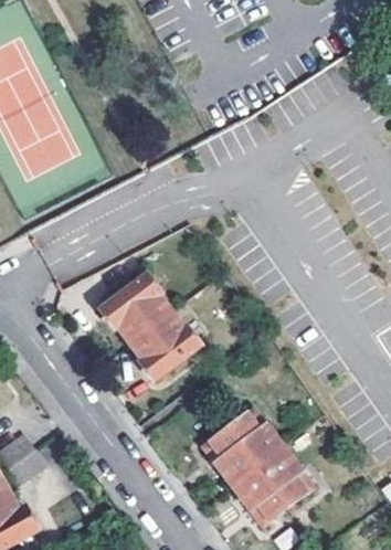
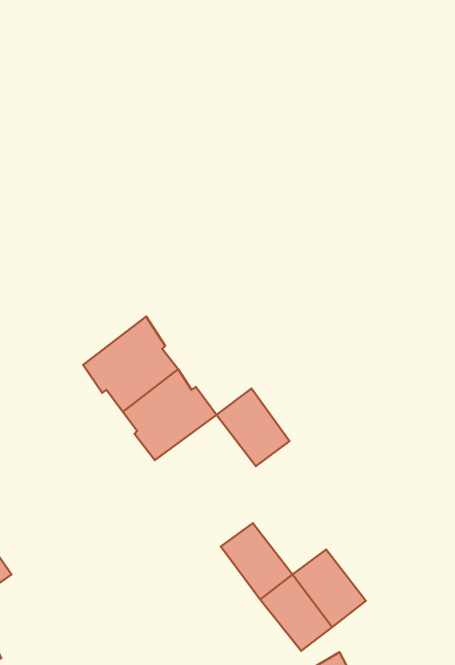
building: [228,406,283,465] -> [216,388,290,466]

